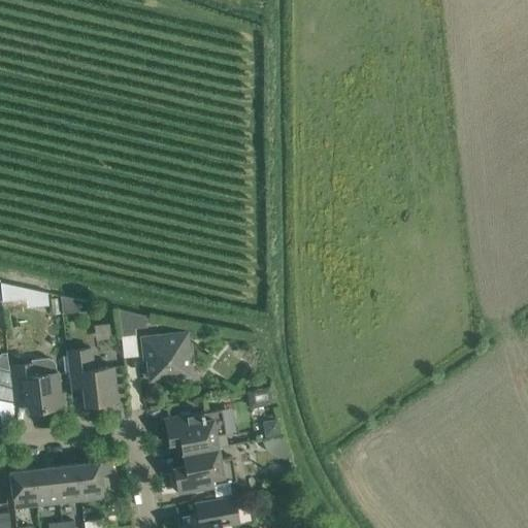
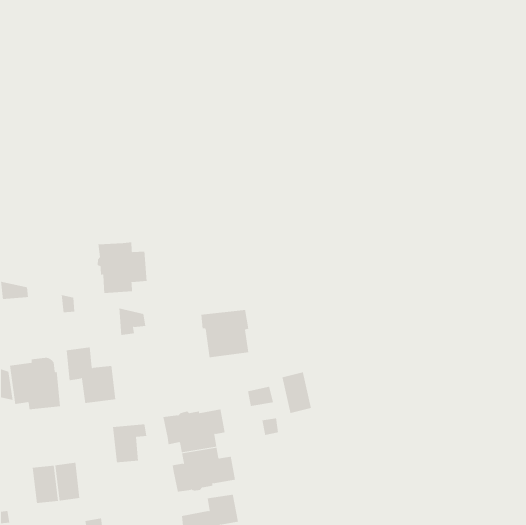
building: none -> [97,242,147,294]
building: [141,333,190,382] -> [201,309,249,358]
building: none -> [282,371,312,414]
building: [76,461,111,500] -> [112,424,147,463]
building: [9,469,36,508] -> none

